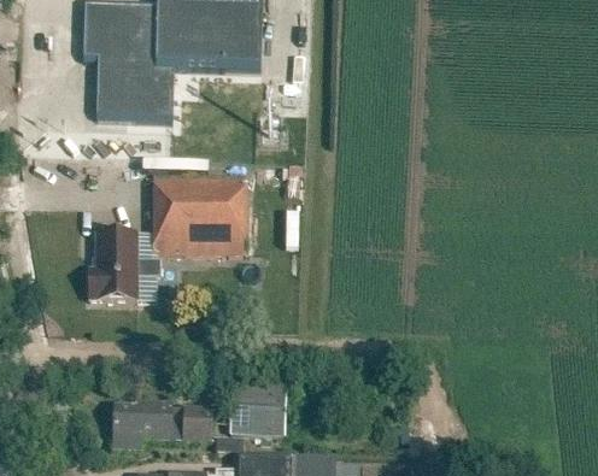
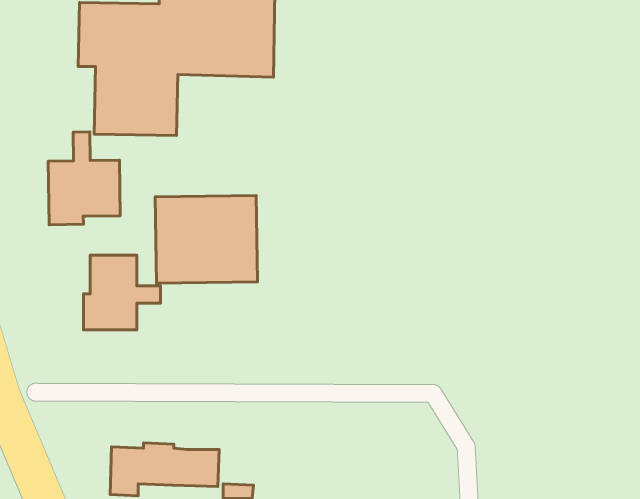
building: none -> [48,132,120,225]
building: [228,381,286,434] -> none

